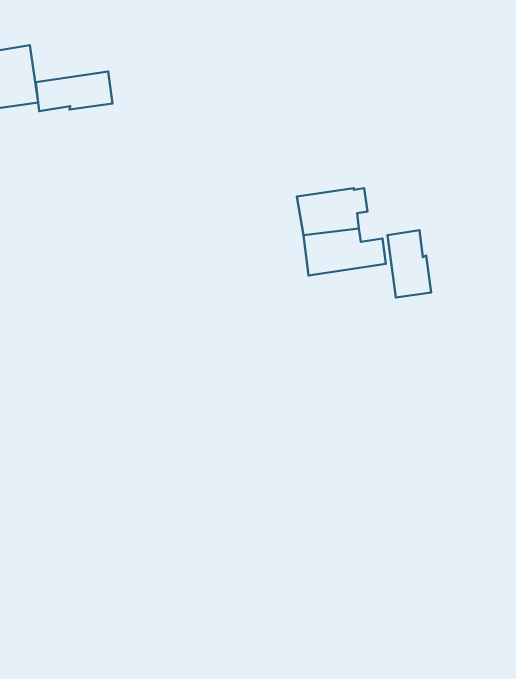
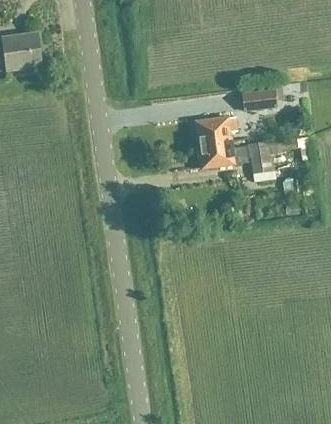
building: [36,71,112,111] -> none
building: none -> [242,89,276,110]

